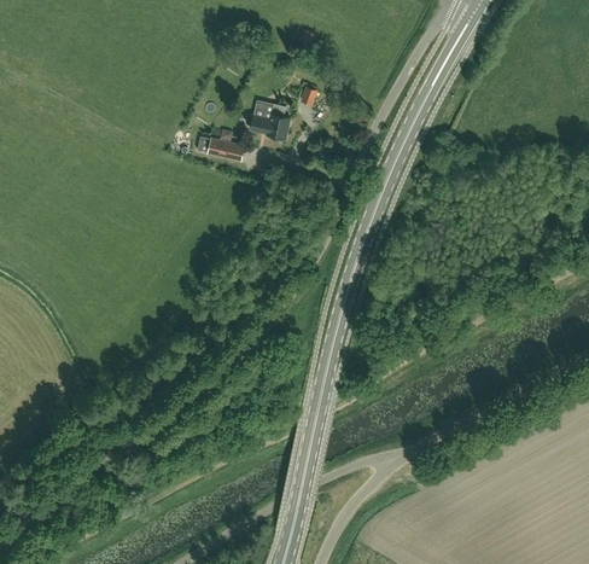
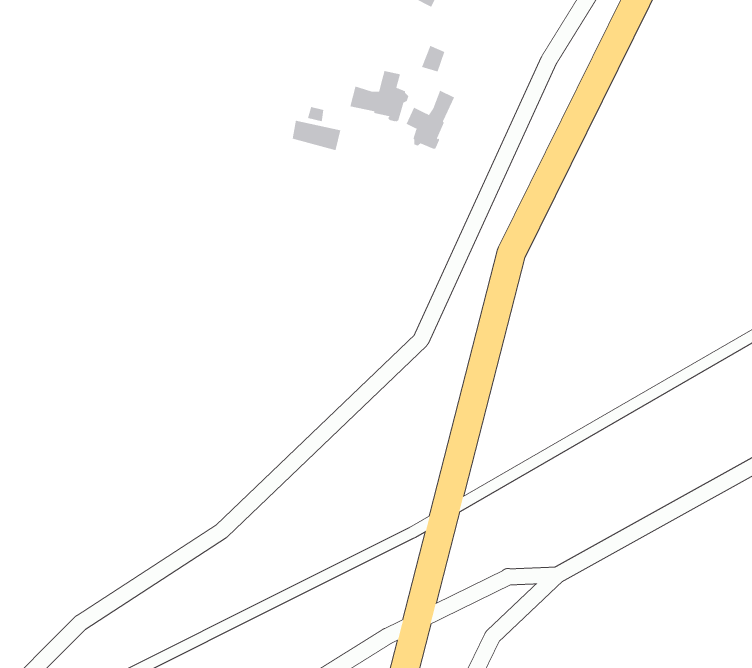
building: none -> [406,90,455,150]

